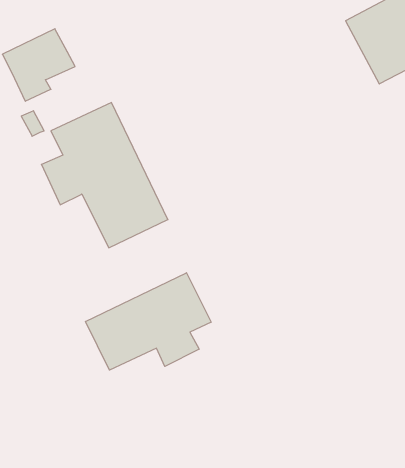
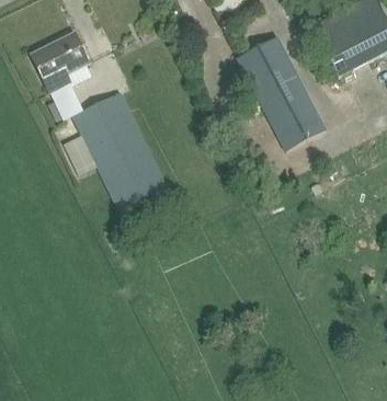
building: none -> [240,38,325,149]
building: [86,273,211,370] -> none

